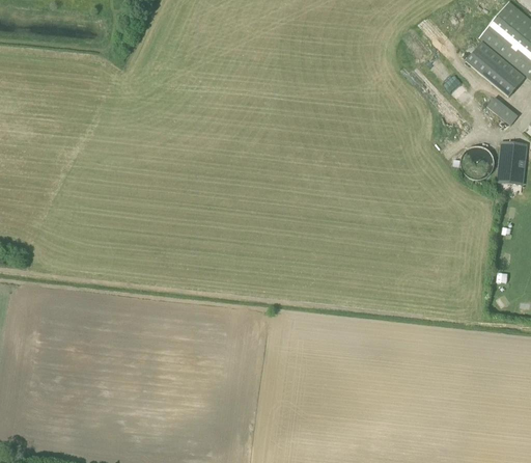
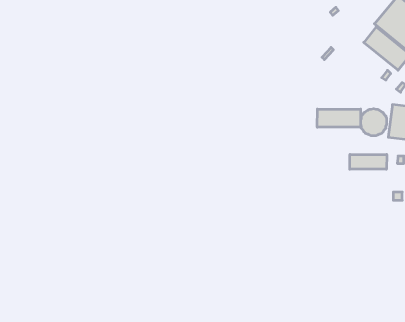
building: none -> [317,109,361,127]
building: none -> [350,154,387,169]

